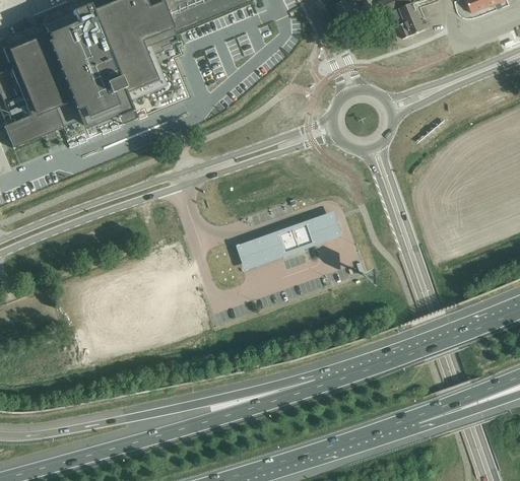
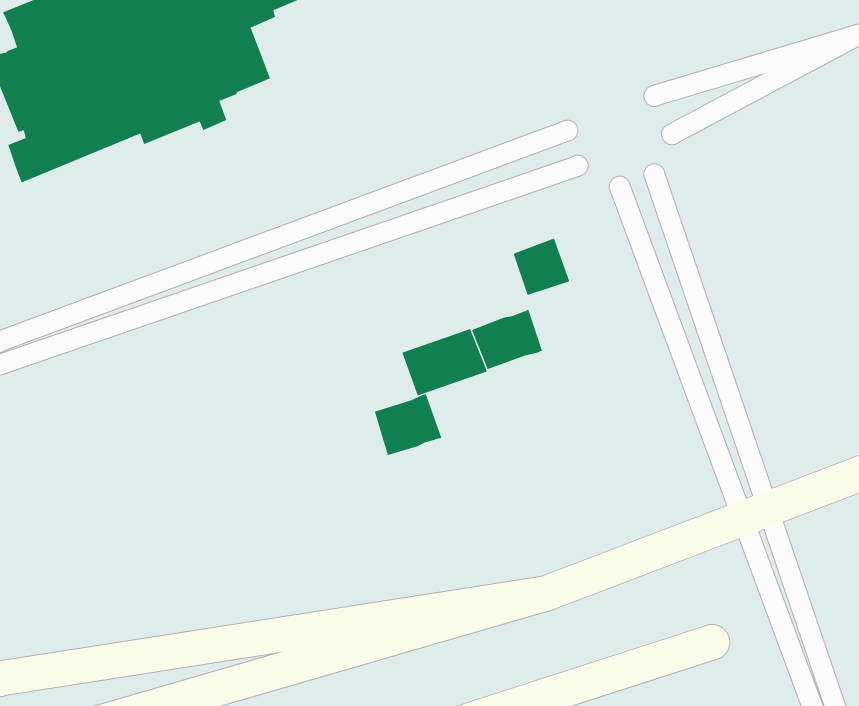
building: [309,210,342,244] -> [513,238,570,295]
building: none -> [374,394,442,456]

